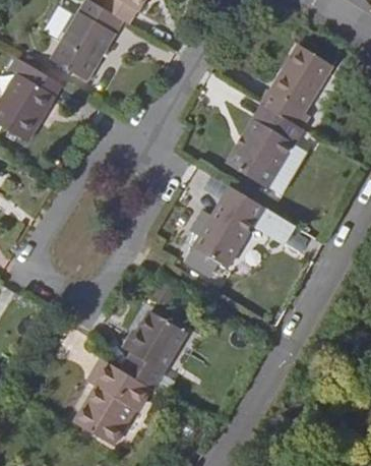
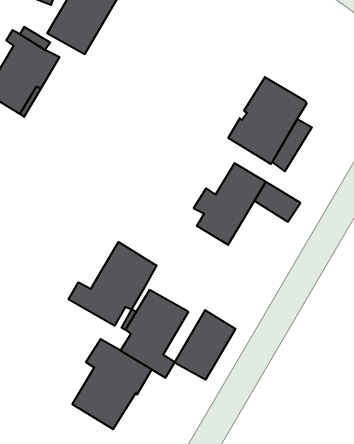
building: [258,44,332,127] -> none
building: none -> [69,242,157,326]
building: none -> [175,310,235,380]

